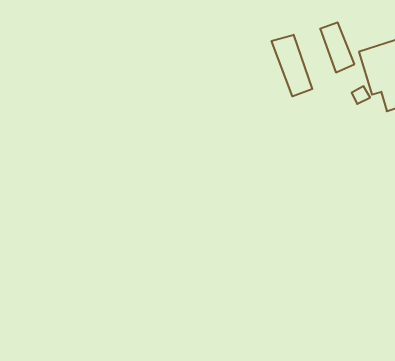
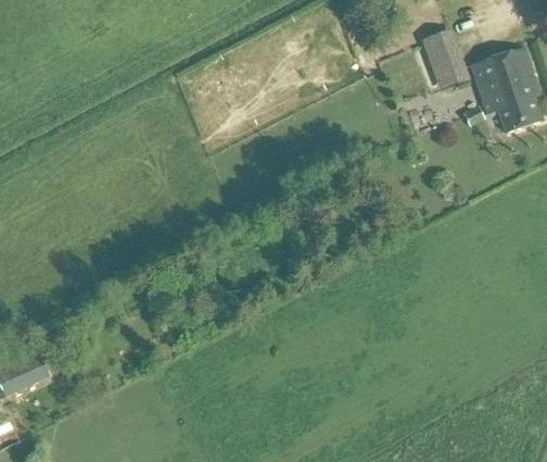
building: [272,35,312,96] -> none

